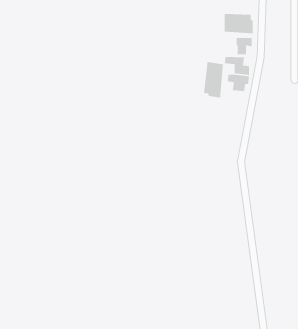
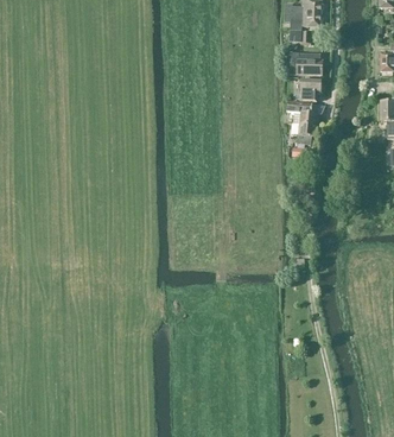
building: [203,61,224,98] -> none

